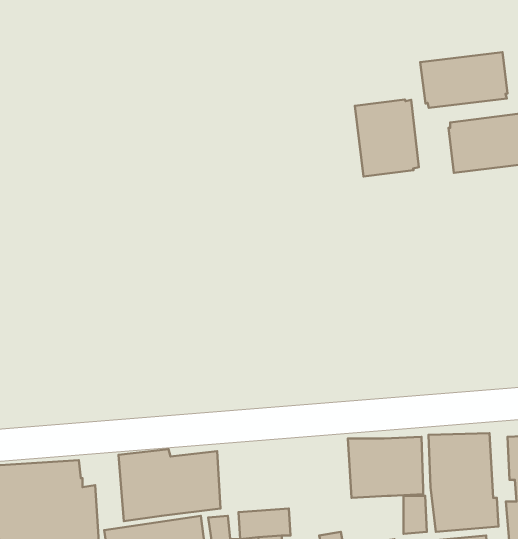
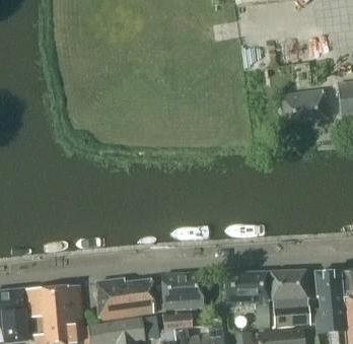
building: [420,52,508,108] -> none
building: [355,99,419,176] -> none
building: none -> [160,271,203,307]

